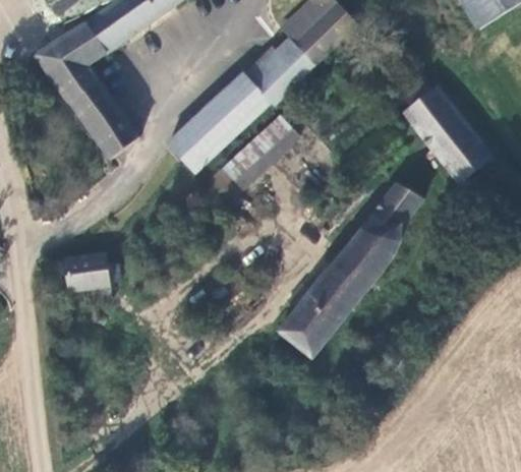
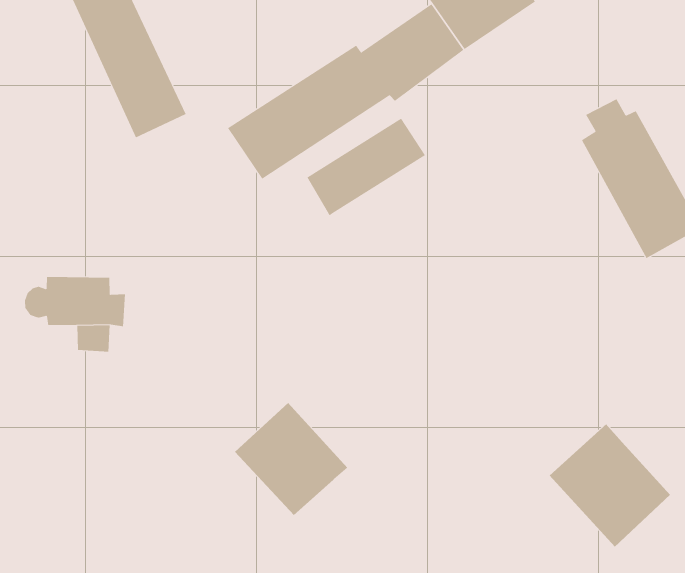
building: [276,182,422,358] -> none
building: none -> [549,423,671,548]
building: none -> [234,402,348,516]

